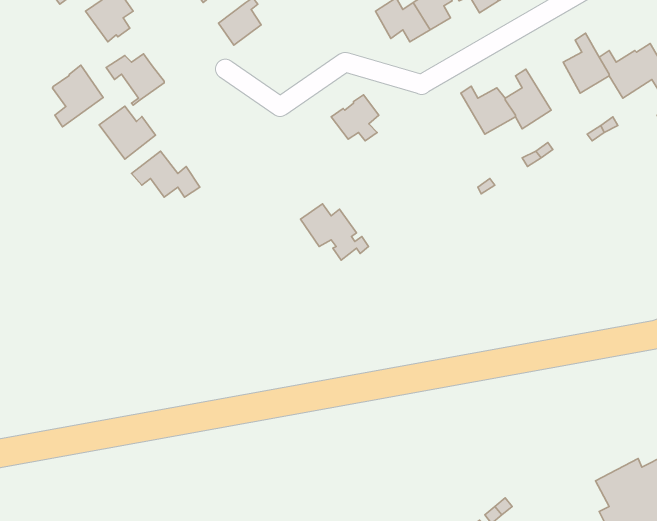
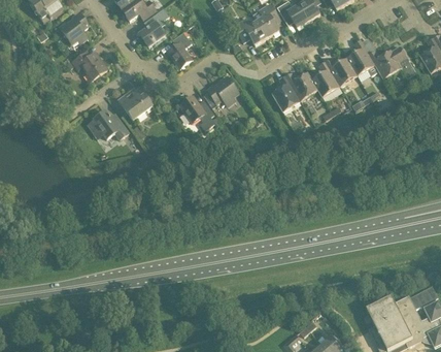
building: none -> [166,30,192,67]
building: none -> [324,56,357,85]
building: [52,65,103,127] -> none
building: none -> [271,74,299,110]
building: [99,106,155,159] -> [115,87,149,119]
building: [300,204,369,260] -> [179,95,220,129]

